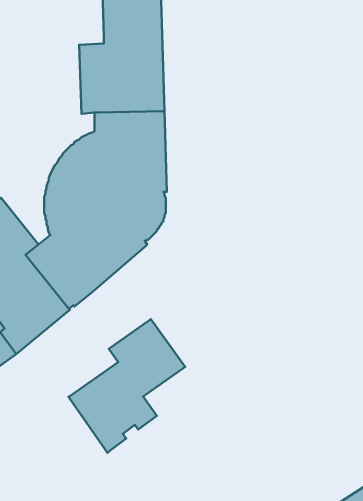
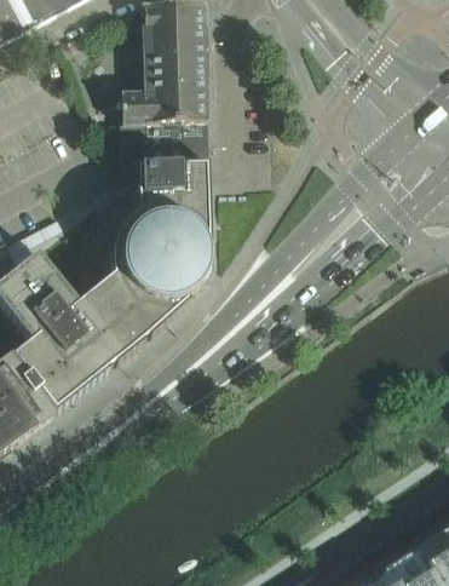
building: [68,319,185,453] -> none

